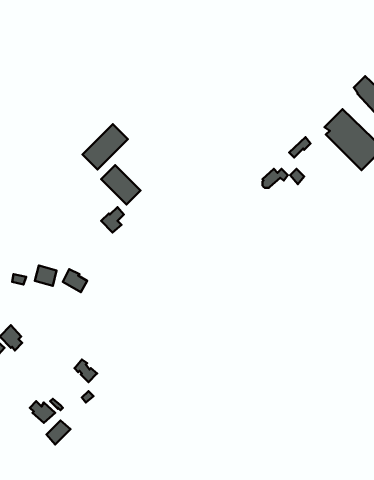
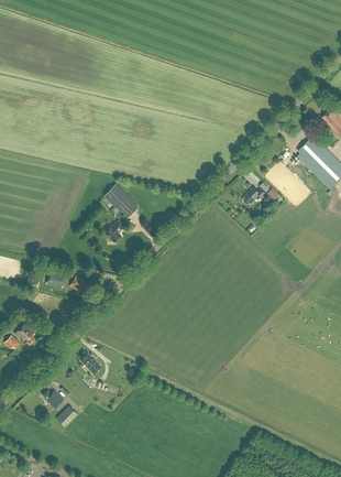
building: [82,124,128,169] -> none

